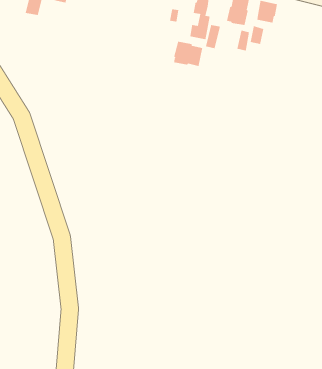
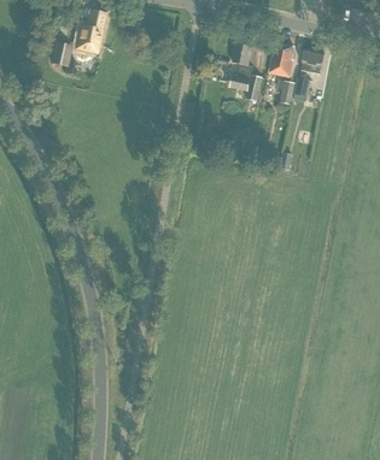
building: [174,41,203,67] -> none

